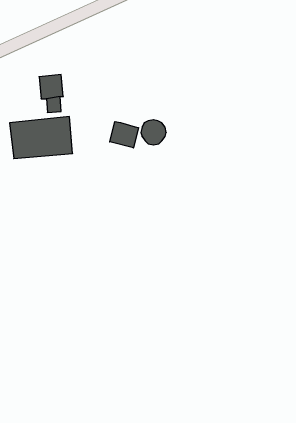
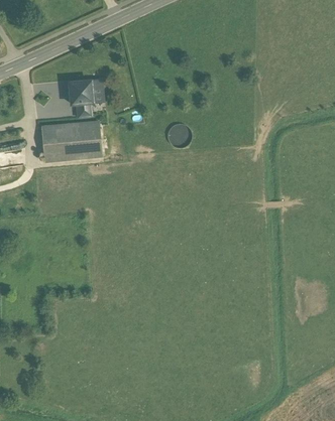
building: [110,122,138,148] -> none

